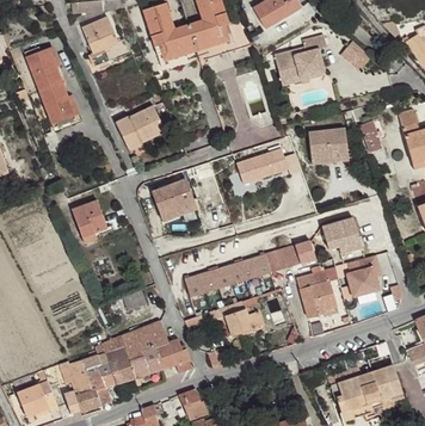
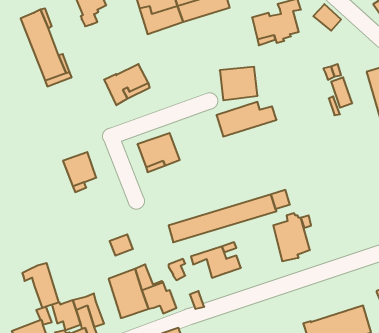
building: [308,129,349,165] -> [220,67,258,100]
building: [321,217,362,253] -> none
building: [346,254,378,297] -> none
building: [94,337,134,384] -> [22,263,59,308]

